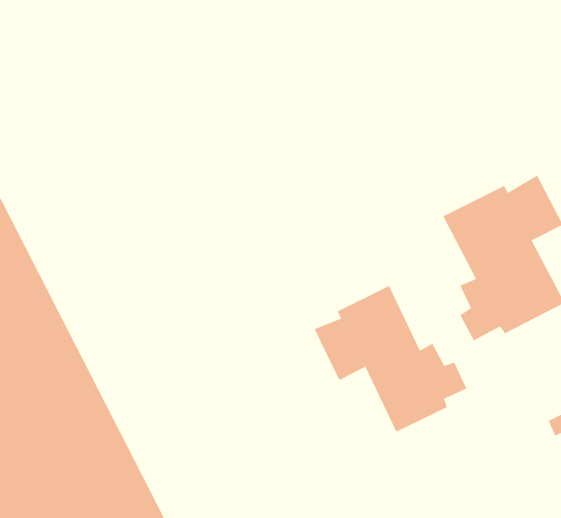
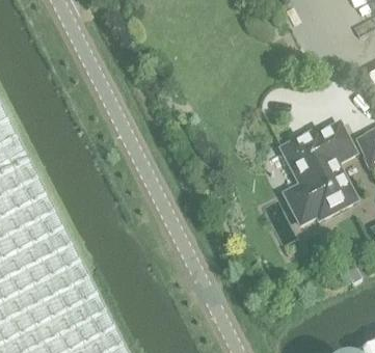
building: [314,285,467,432] -> none

